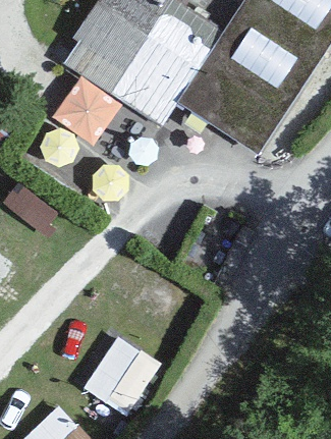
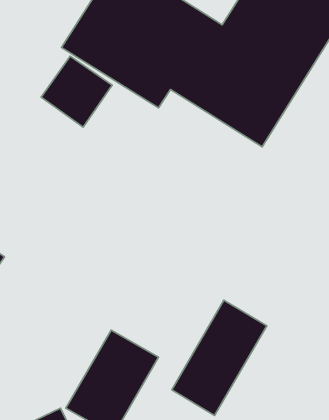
building: none -> [172,300,267,416]

